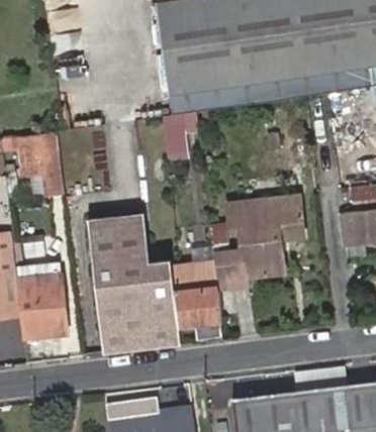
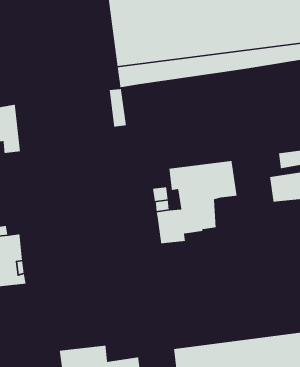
building: [84,215,177,354] -> none
building: [171,258,222,323] -> none

